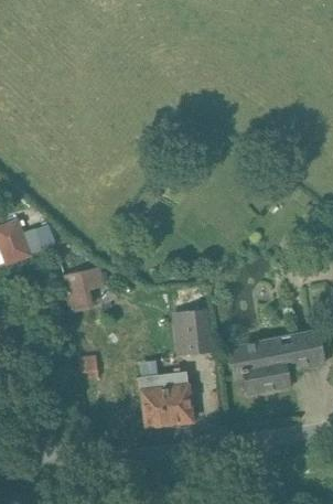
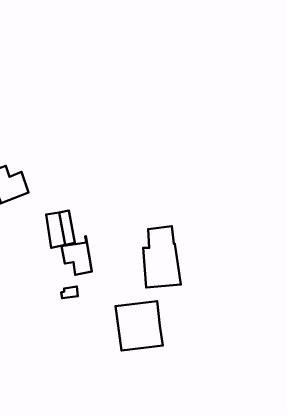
building: none -> [62,236,92,275]
building: [229,331,324,395] -> none

